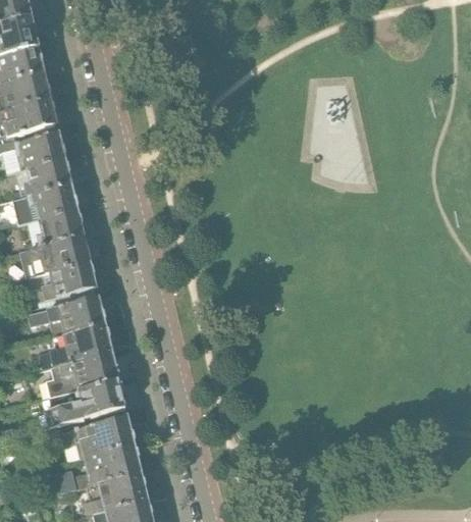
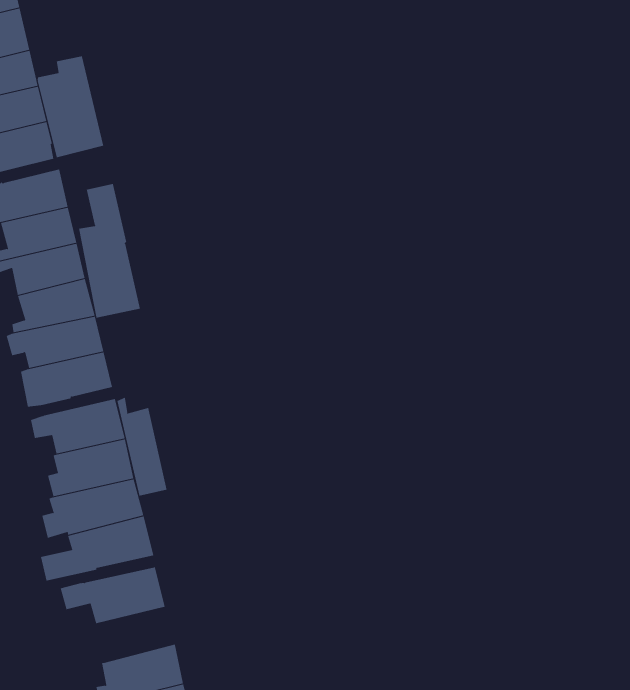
building: none -> [37,56,104,158]
building: none -> [78,183,141,318]
building: none -> [117,397,167,497]
building: [50,447,143,495] -> none

